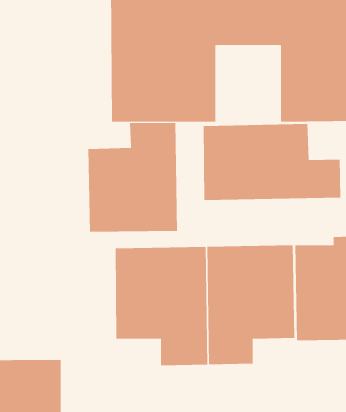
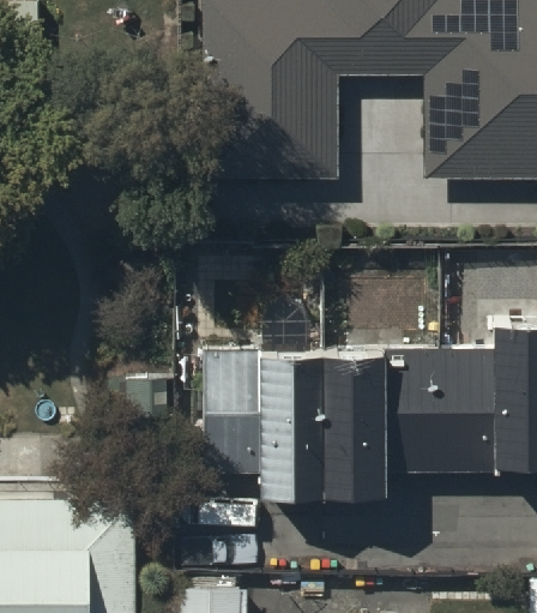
building: [88,122,177,232] -> none
building: [203,123,341,201] -> none

